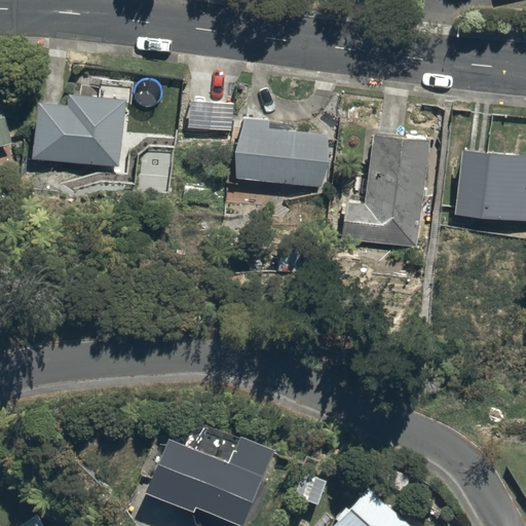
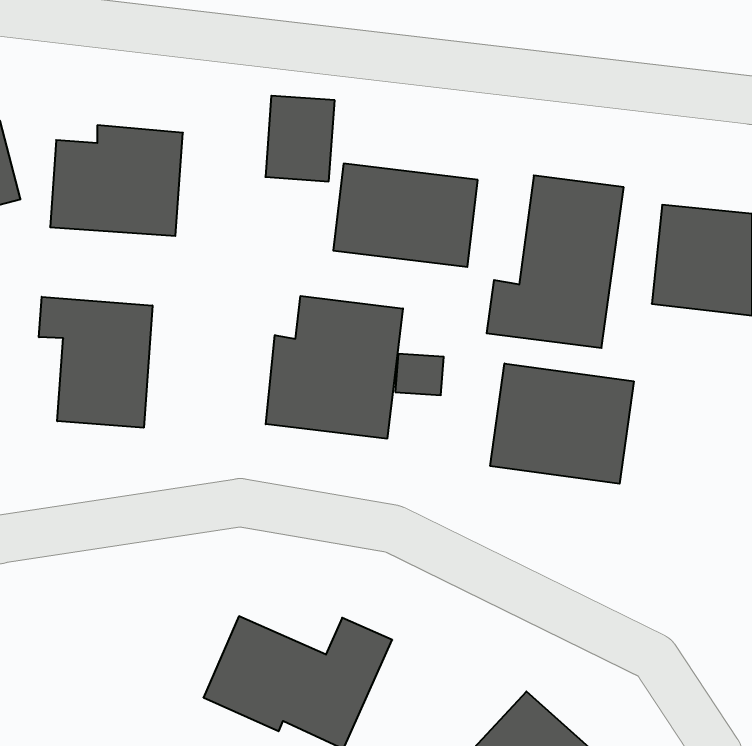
building: none -> [266,296,403,439]
building: none -> [39,297,152,428]
building: none -> [490,363,634,484]

